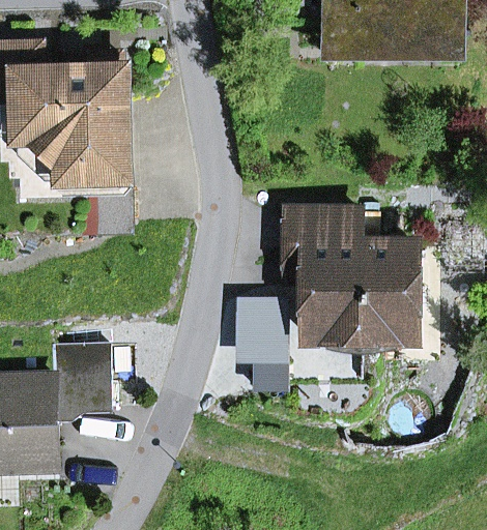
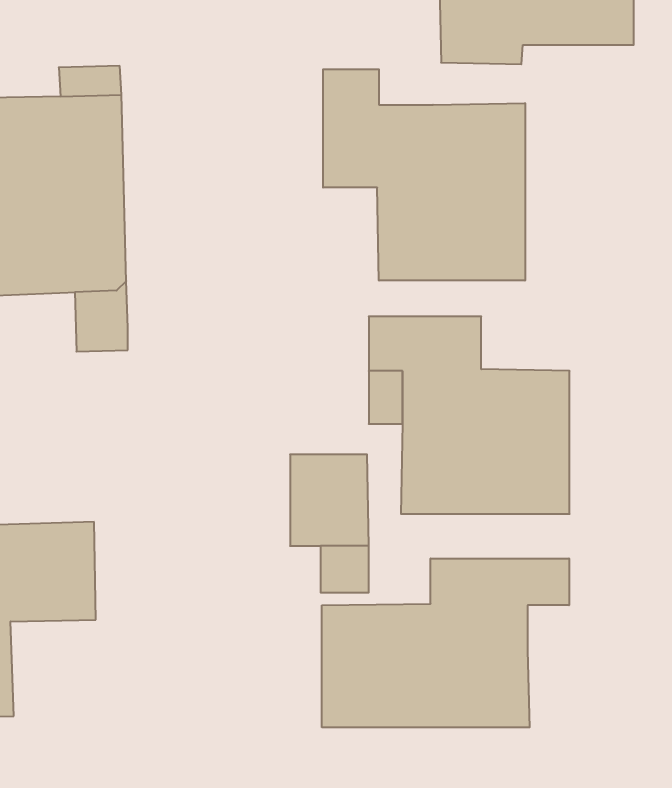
building: none -> [323,69,525,281]
building: none -> [322,558,569,727]

